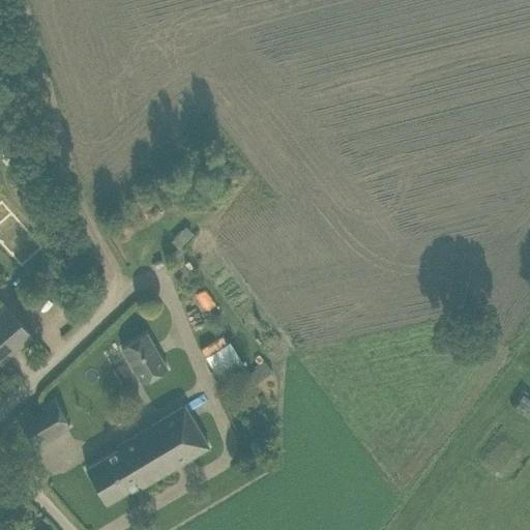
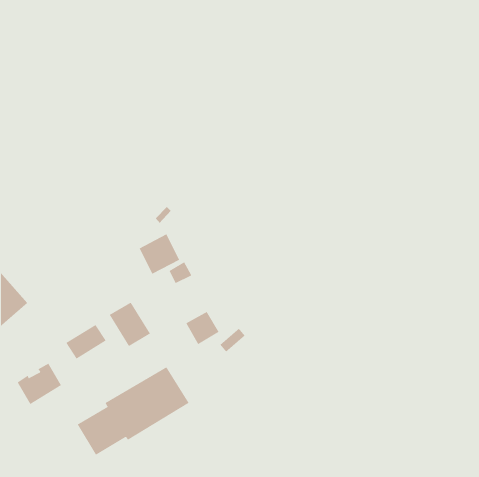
building: none -> [139,234,180,275]
building: none -> [65,324,107,359]

